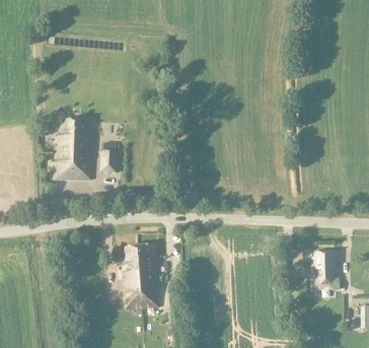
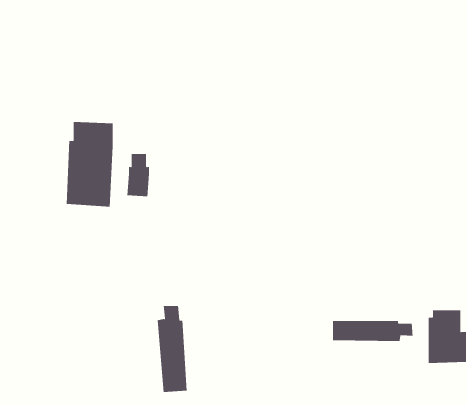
building: [140,246,162,306] -> none
building: none -> [332,320,413,342]

